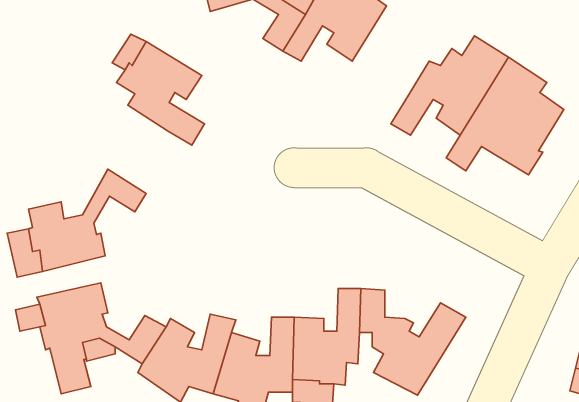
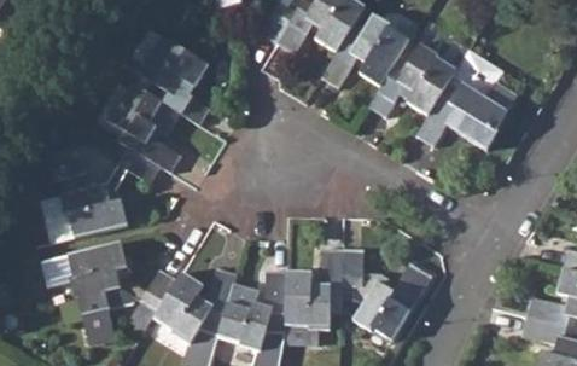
building: none -> [321,17,409,89]
building: none -> [106,86,181,174]

